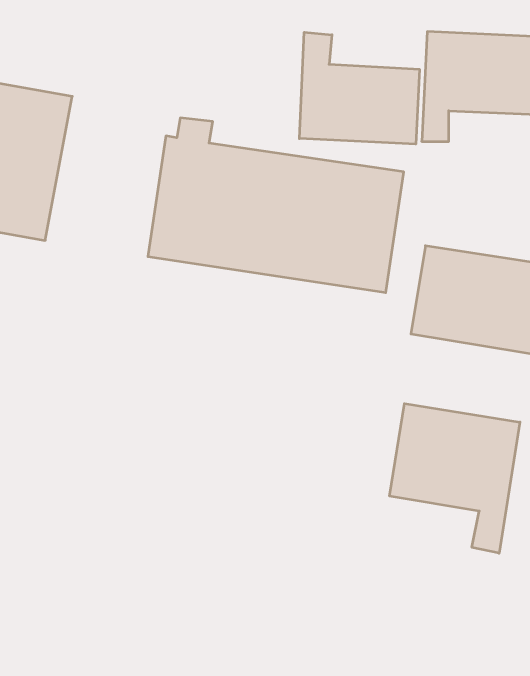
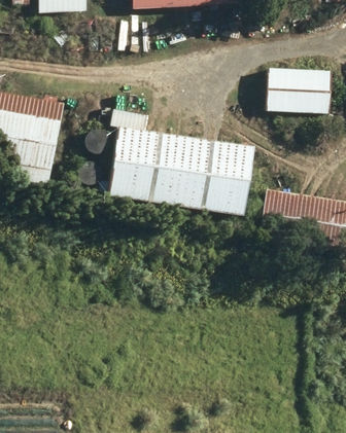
building: [299,32,419,144] -> none
building: [390,404,520,553] -> none

